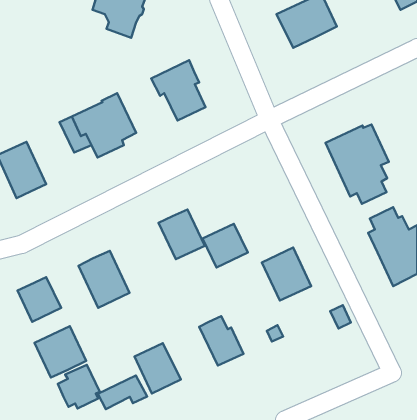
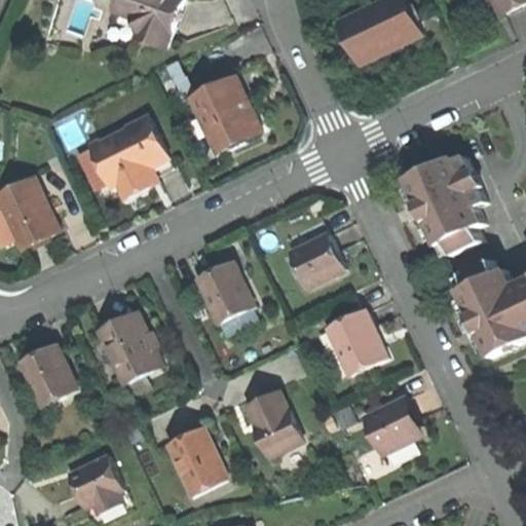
building: [203,224,248,267] -> [287,233,343,288]
building: none -> [363,399,417,453]
building: [35,326,86,378] -> none
building: [98,376,147,409] -> none

